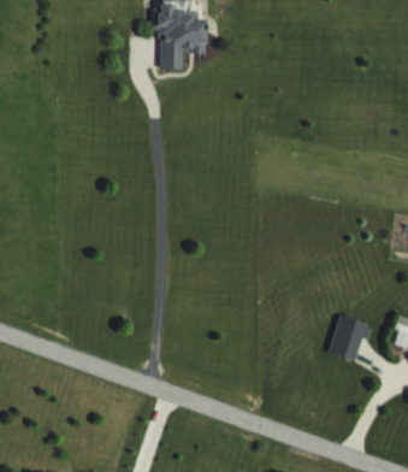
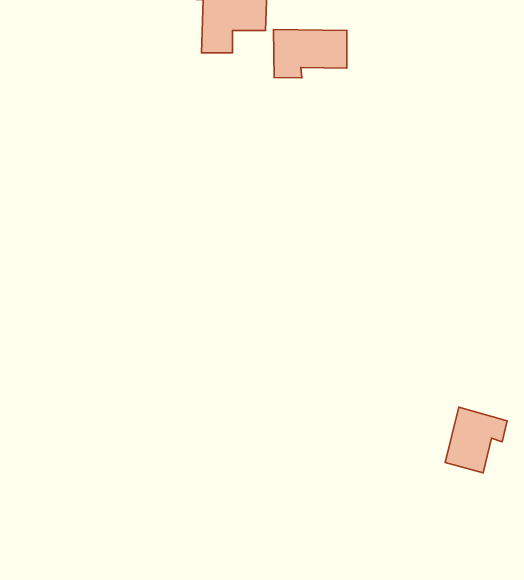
building: none -> [273,29,347,78]

